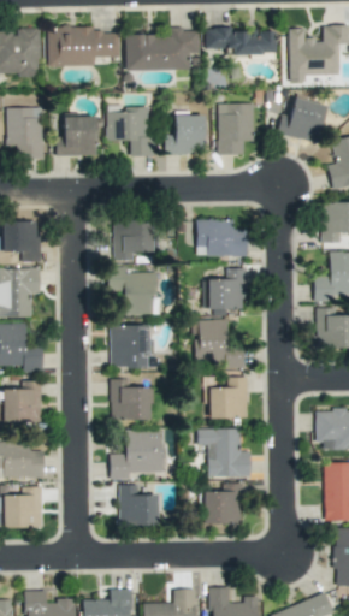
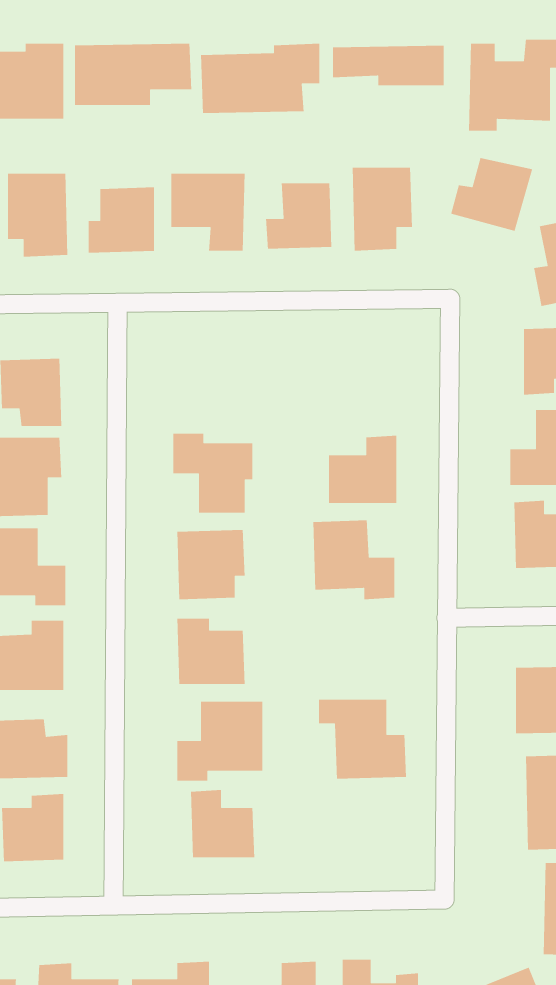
building: [113,219,154,261] -> none
building: [196,219,248,256] -> none
building: [208,377,248,419] -> none
building: [203,482,244,525] -> none

